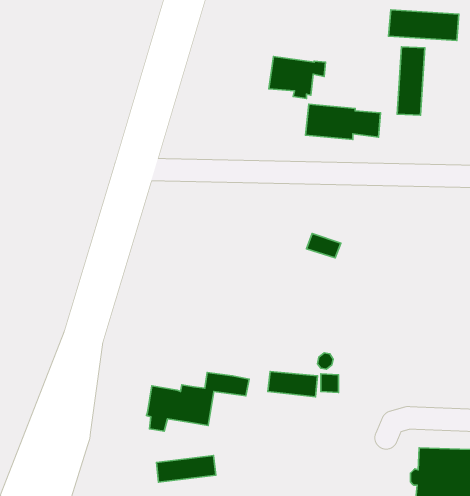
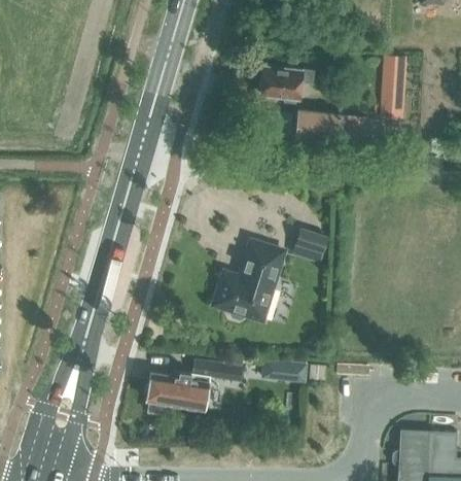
building: [389,10,459,41] -> none
building: none -> [214,241,284,321]
building: [156,455,216,482] -> none

